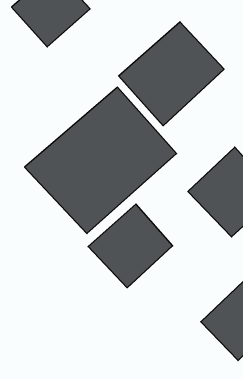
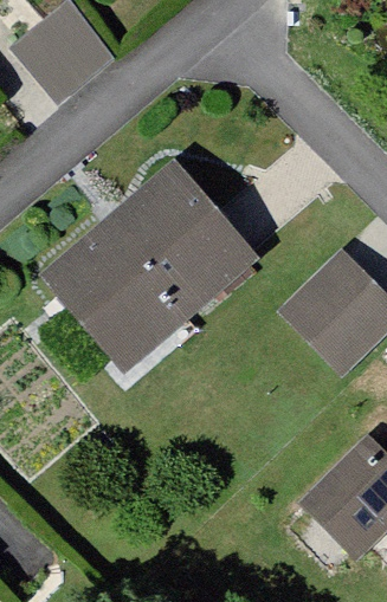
building: [119,22,224,126] -> none
building: [88,204,173,288] -> none

